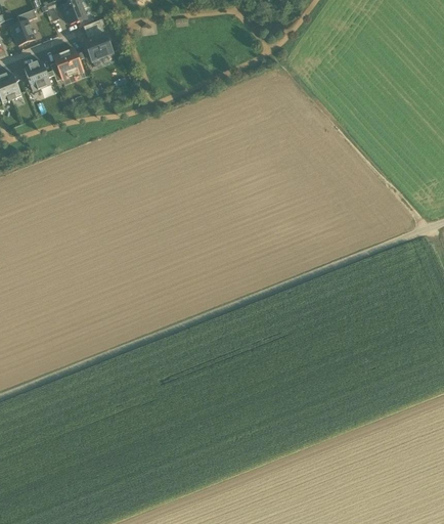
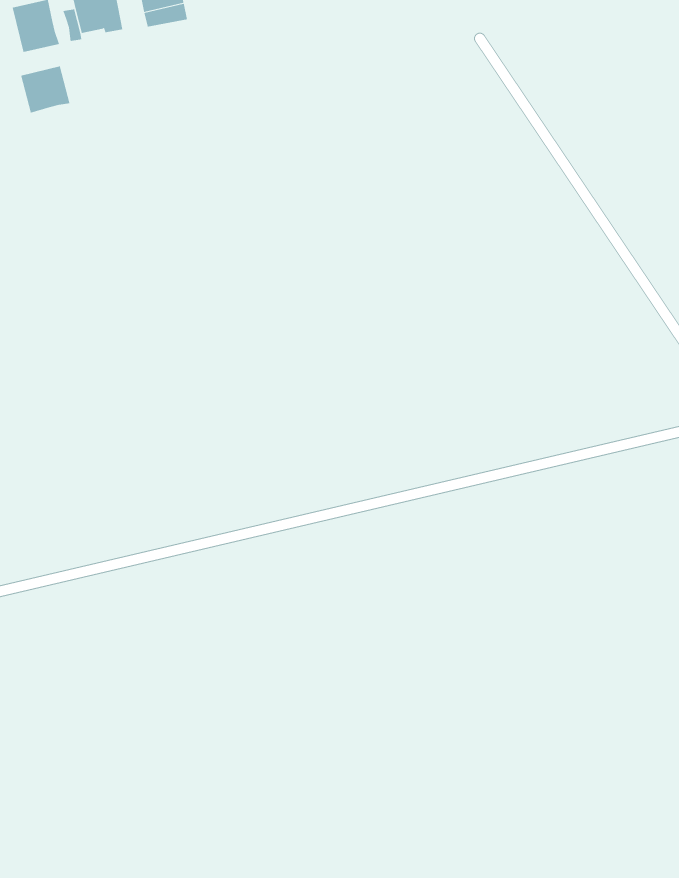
building: none -> [20,66,70,114]

